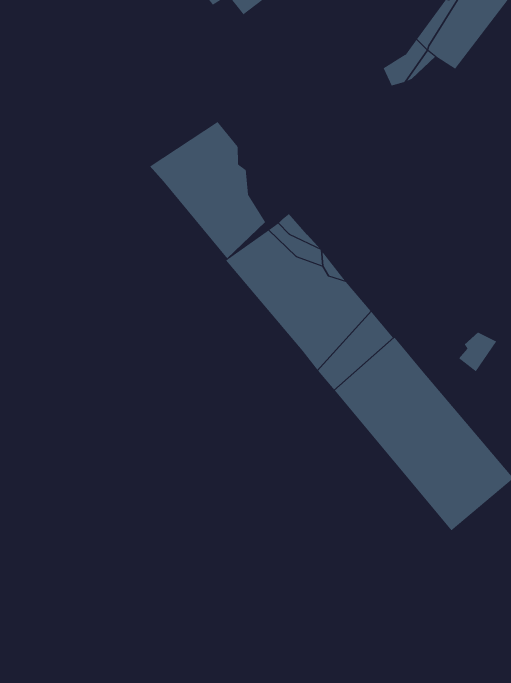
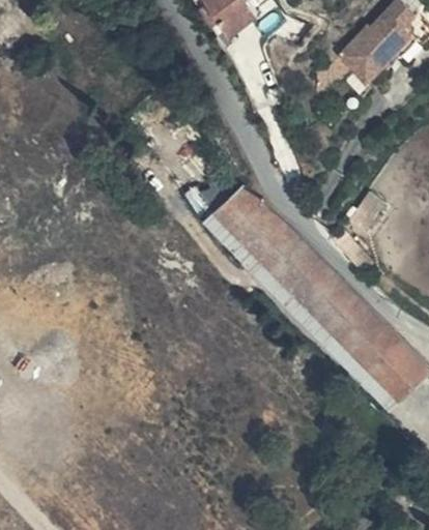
building: [149,121,266,259] -> none

